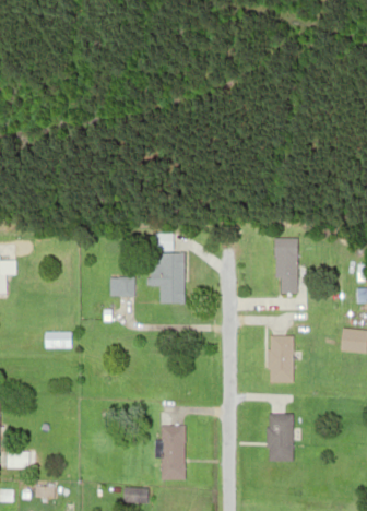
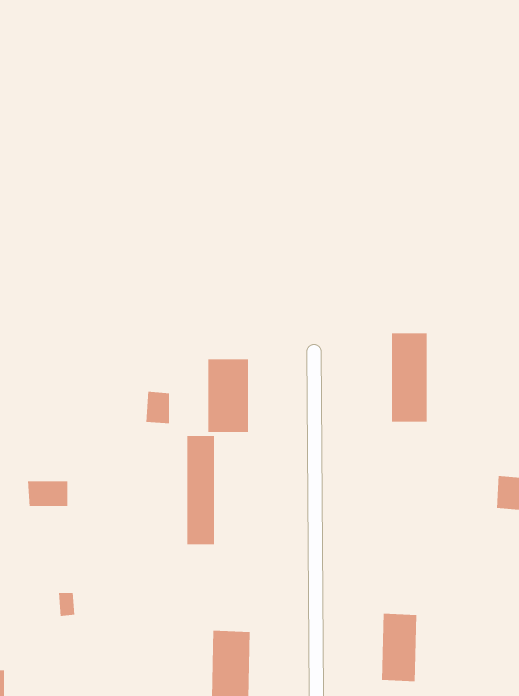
building: none -> [187,435,215,545]
building: [270,337,293,380] -> none

